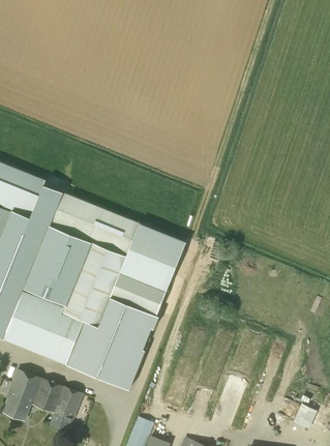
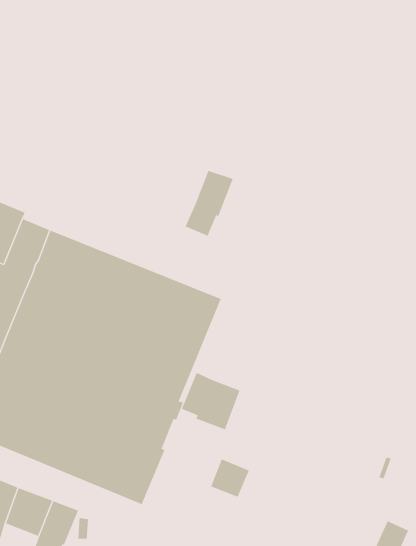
building: none -> [185,170,234,236]
building: none -> [181,372,240,430]
building: none -> [210,459,250,498]

